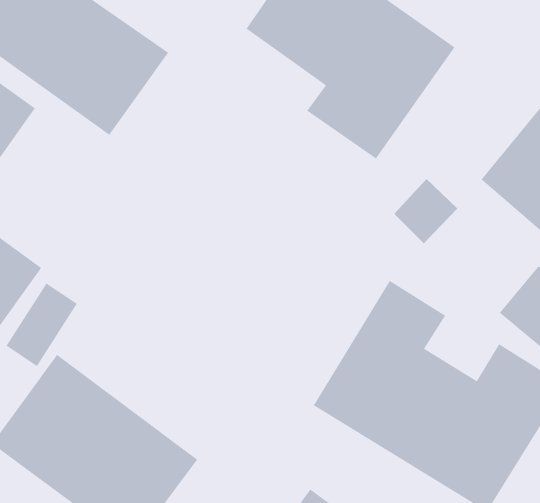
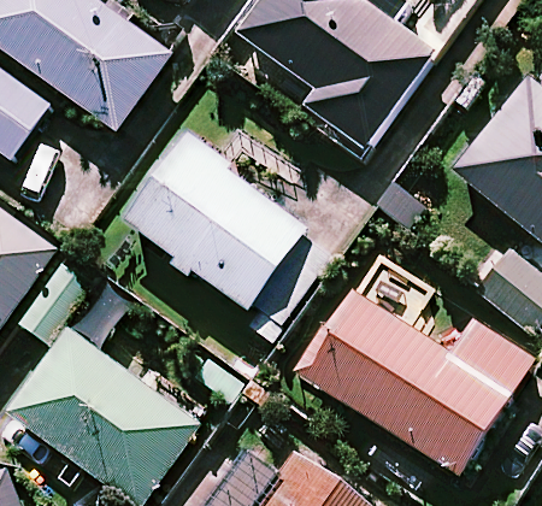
building: none -> [128,141,332,328]

